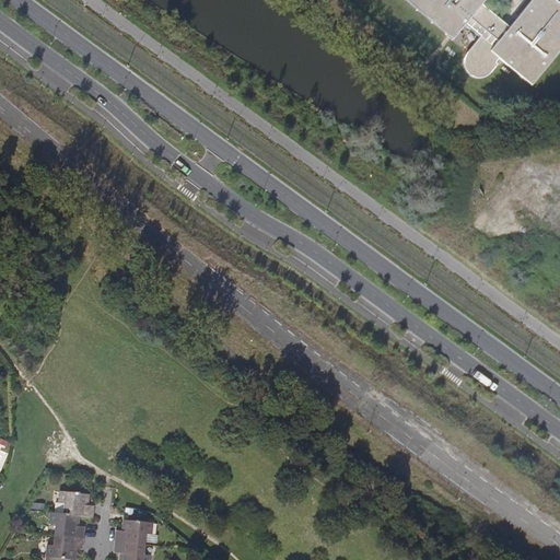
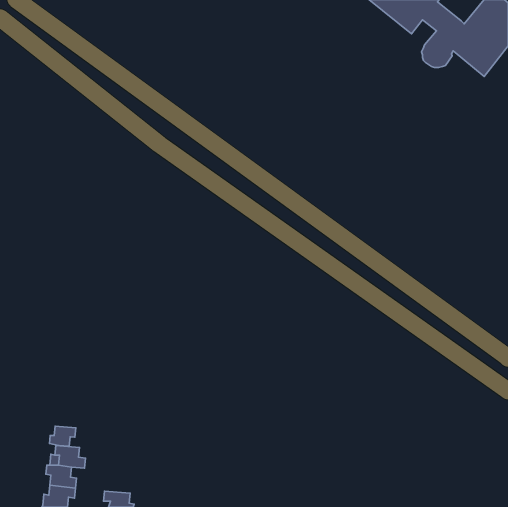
building: none -> [50,426,76,446]
building: [115,518,158,542] -> none

